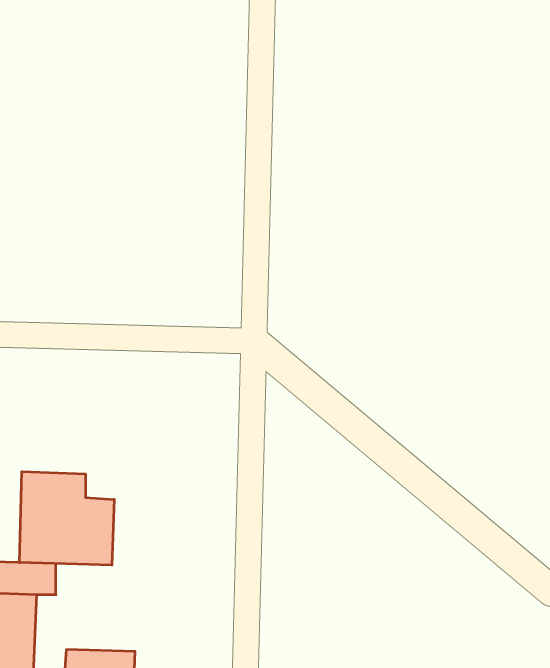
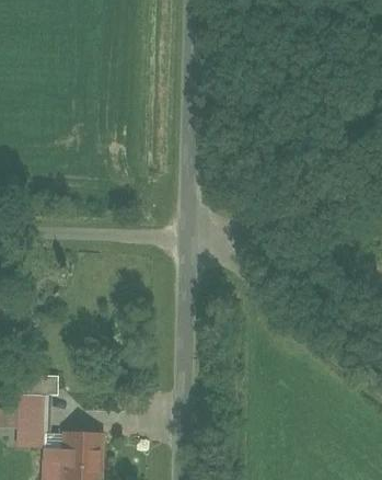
building: [20,472,114,565] -> none

